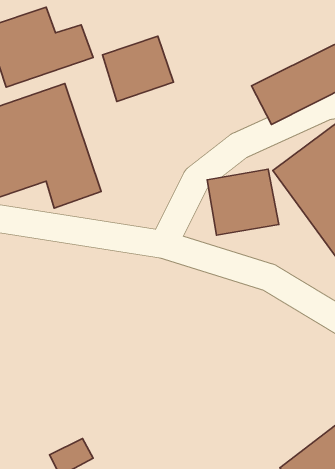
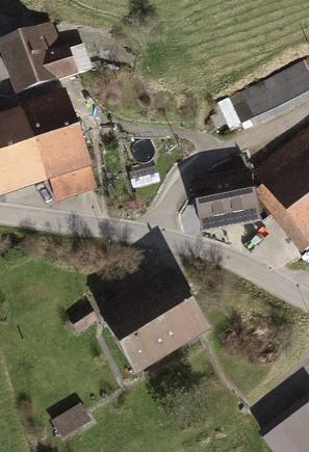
building: [102,36,174,101] -> none
building: none -> [98,270,209,376]

